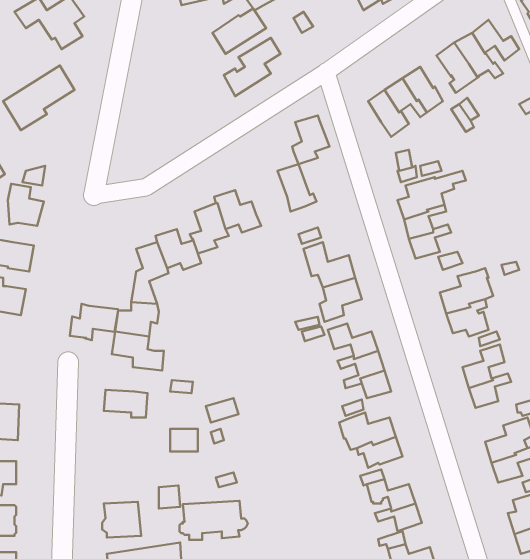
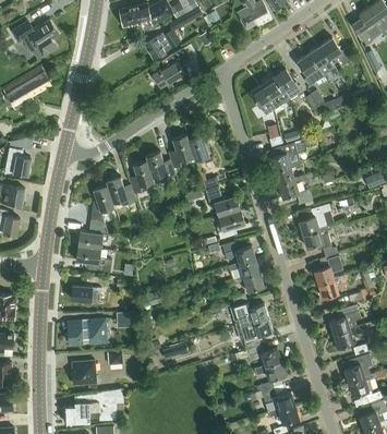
building: [292,116,329,164] -> [170,135,195,168]
building: [70,304,118,340] -> none
building: [180,501,248,540] -> [65,320,111,346]

